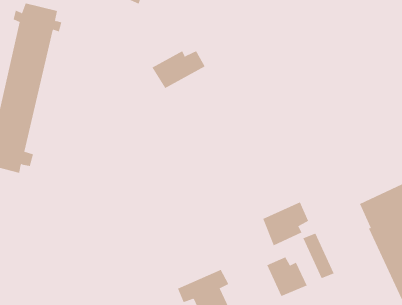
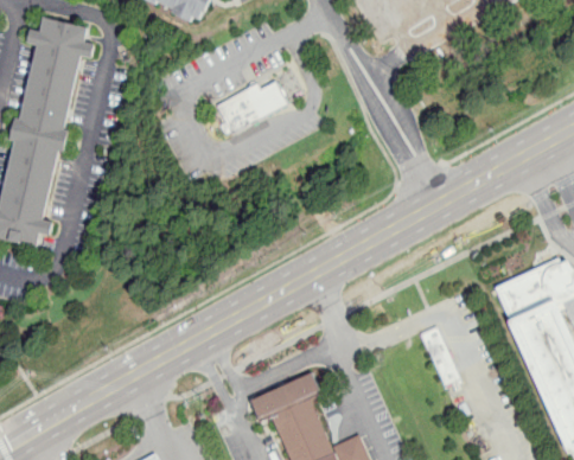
building: [262,201,309,246] -> none
building: [267,256,307,297] -> none

